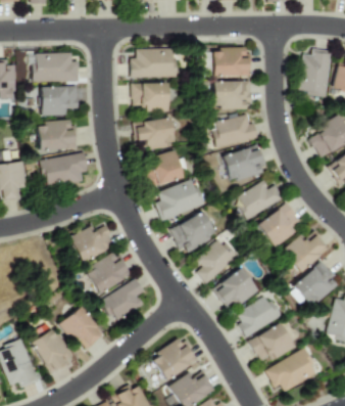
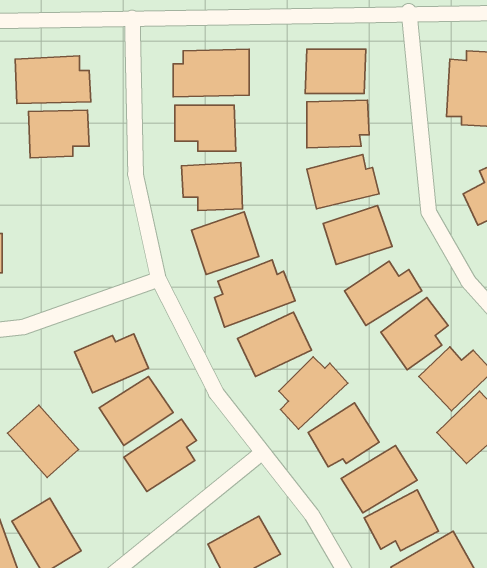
building: [39,120,76,150] -> none
building: [41,152,88,187] -> none
building: [61,306,105,351] -> [8,405,78,478]

